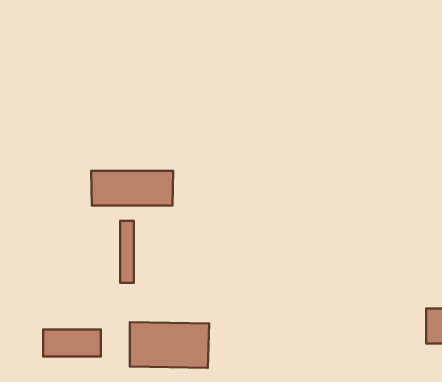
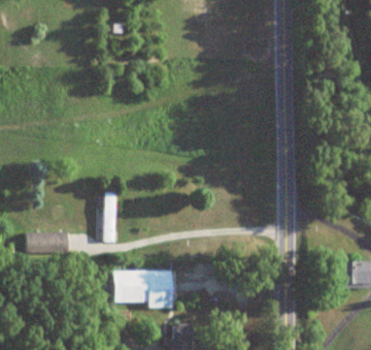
building: [91,171,173,206] -> none
building: [43,330,101,357] -> [25,231,69,252]

